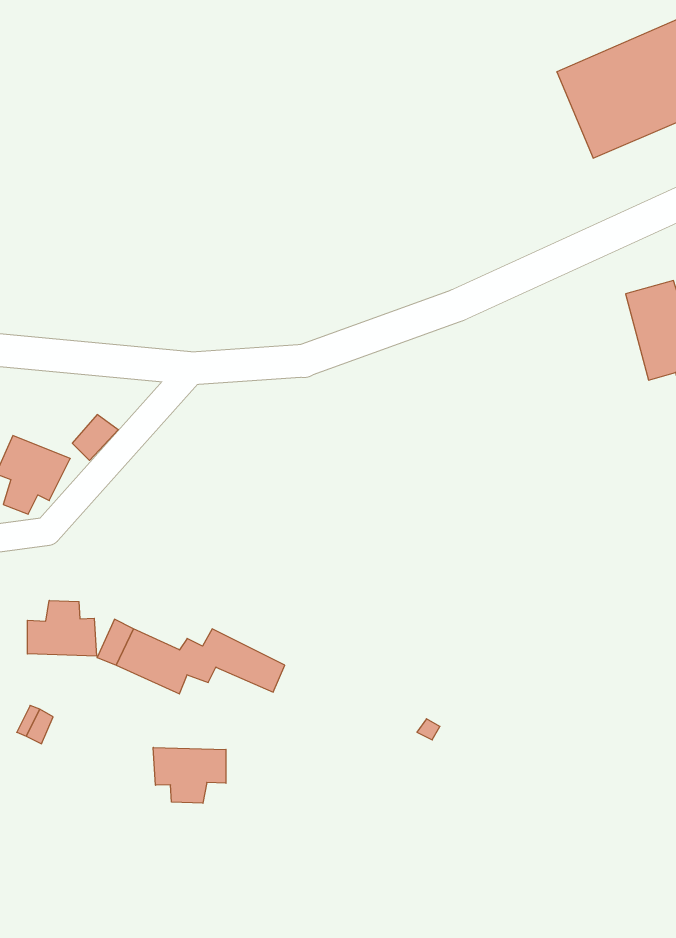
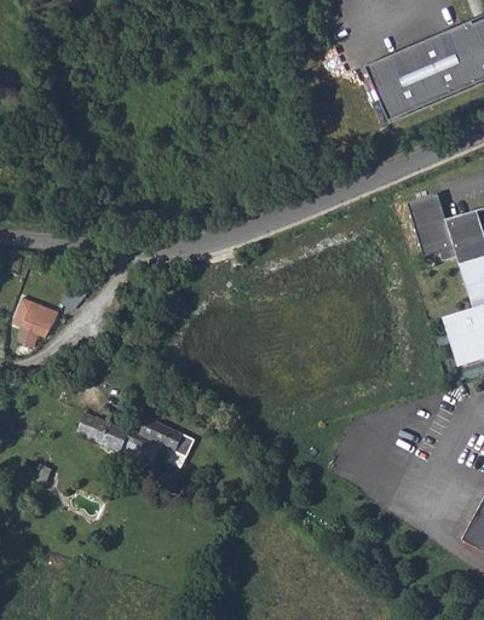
building: [27,600,96,656] -> none
building: [153,747,226,803] -> none

